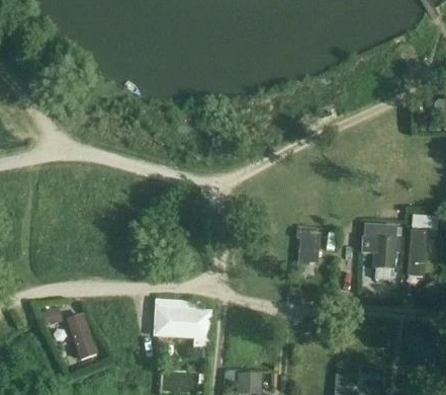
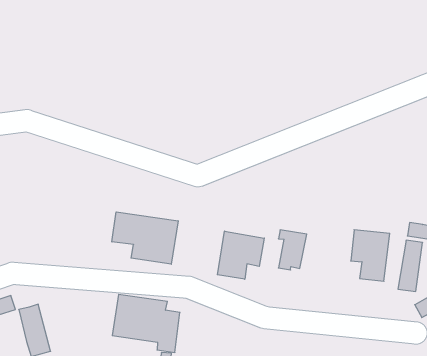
building: none -> [112,212,178,264]
building: none -> [217,231,264,279]

